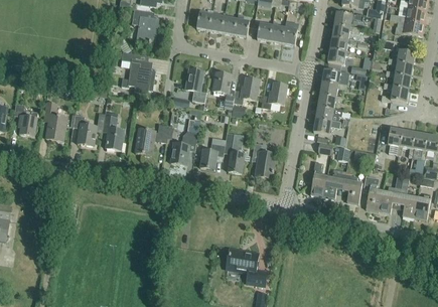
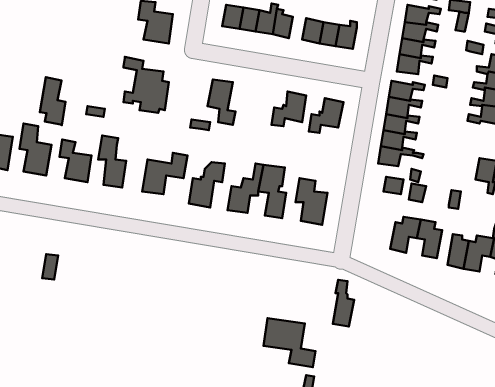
building: none -> [40,77,65,125]
building: [212,71,235,108] -> none
building: [310,160,326,195] -> [333,280,354,327]

